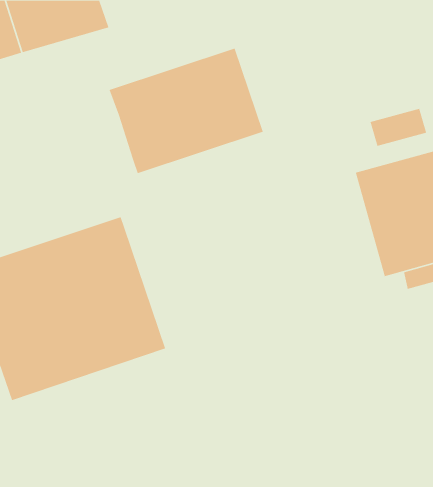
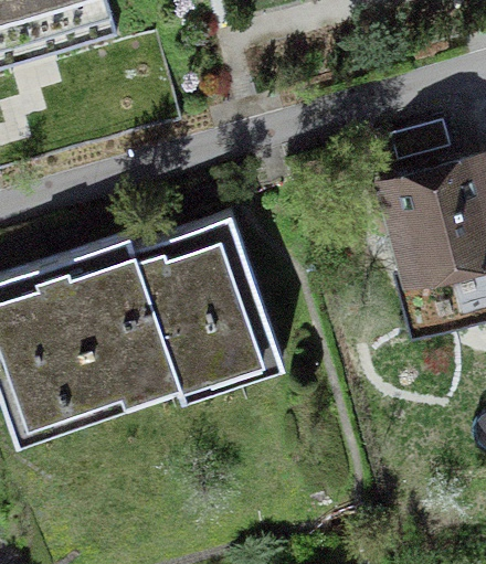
building: [109,47,264,174] -> none
building: none -> [135,219,278,398]

